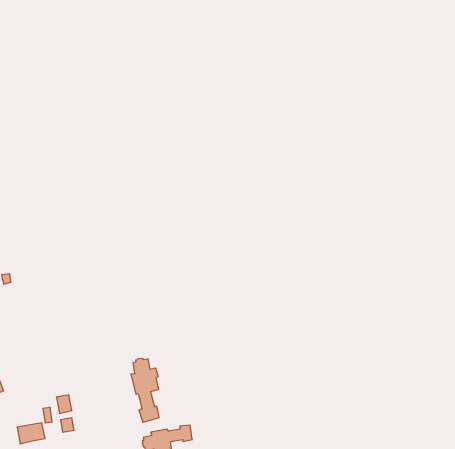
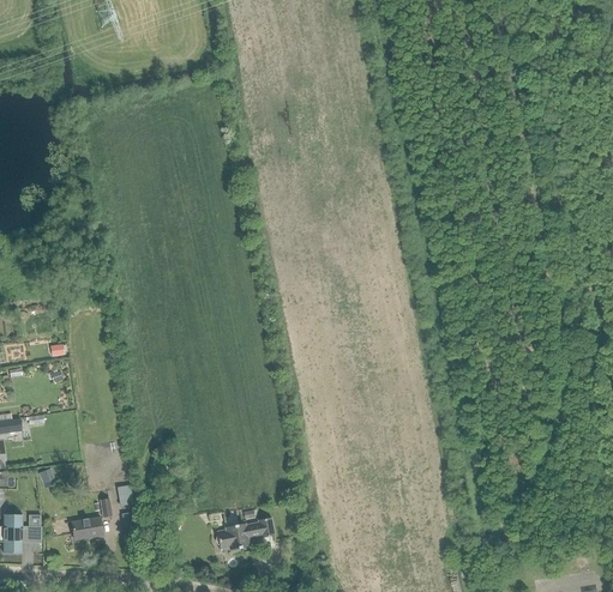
building: [131,358,159,422] -> none

